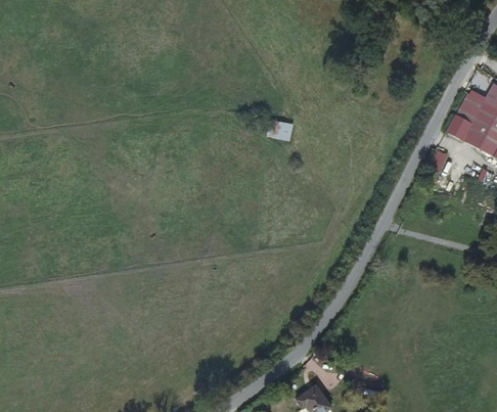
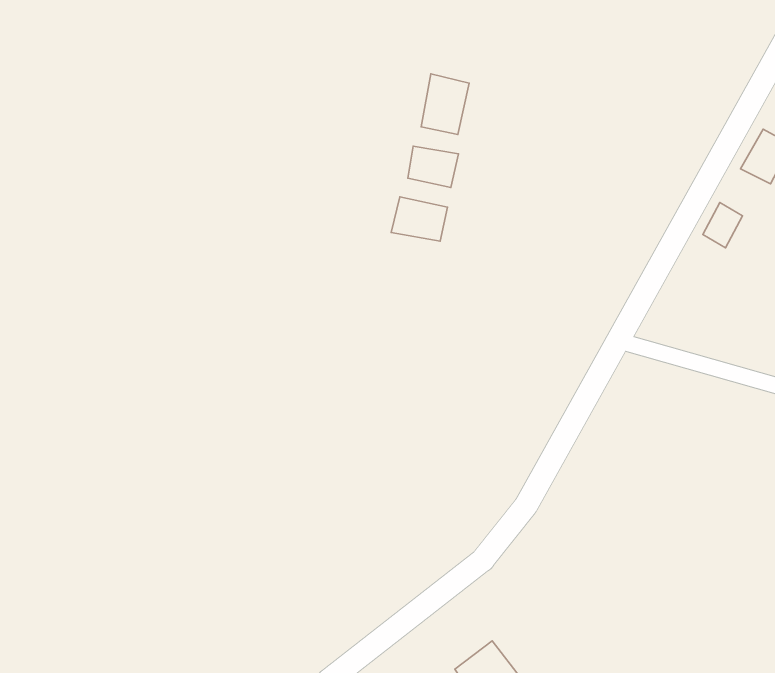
building: none -> [421,74,469,135]
building: none -> [391,197,447,241]

